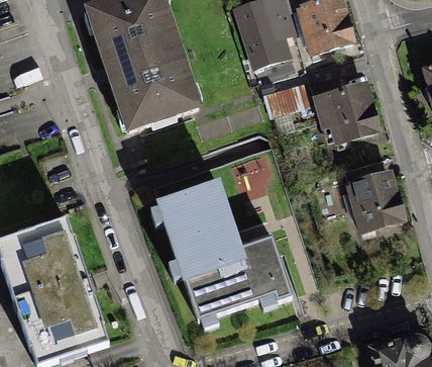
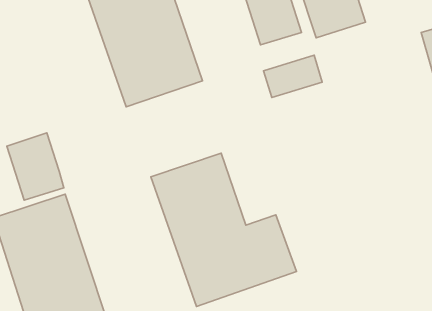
building: [310,75,385,142] -> none
building: [337,149,410,234] -> none
building: none -> [7,133,64,200]

